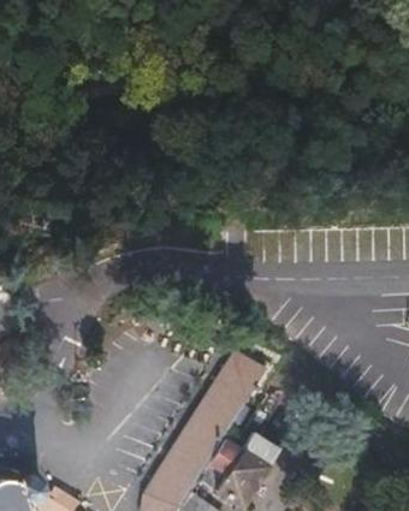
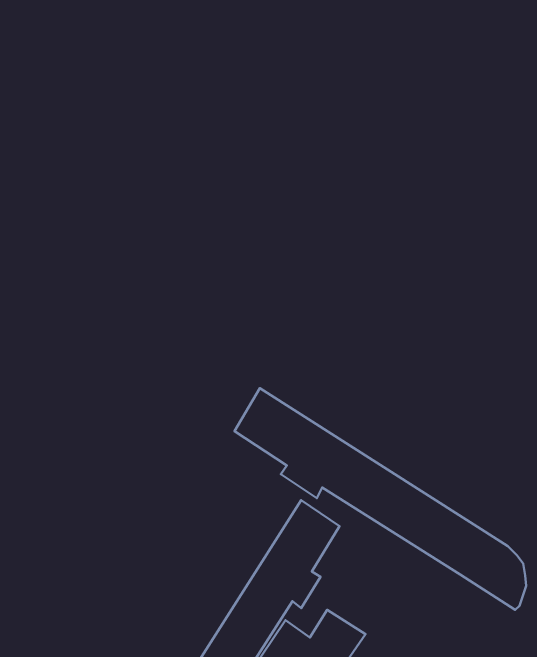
building: none -> [235,388,526,610]

